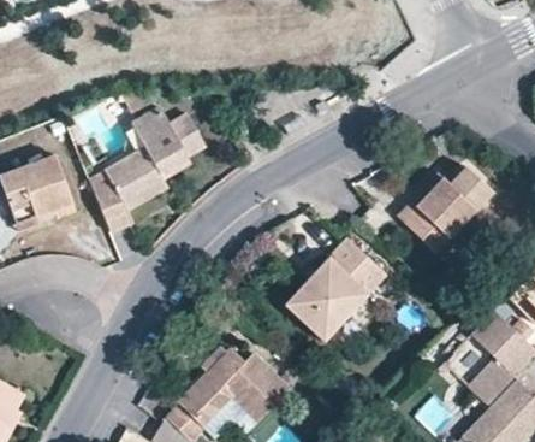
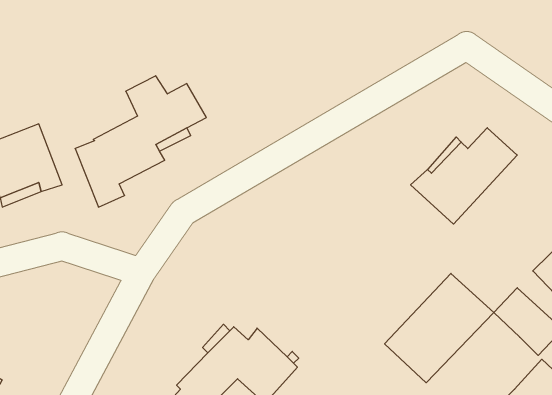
building: [286,237,387,338] -> [385,273,494,383]
building: [470,354,517,402] -> none

